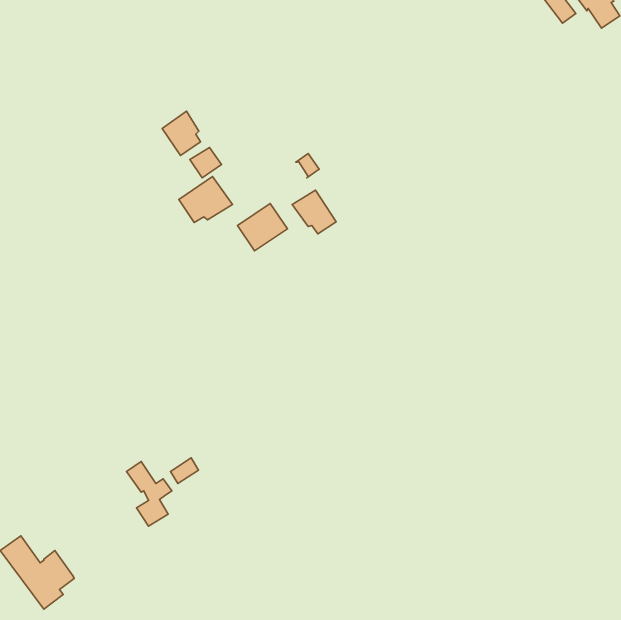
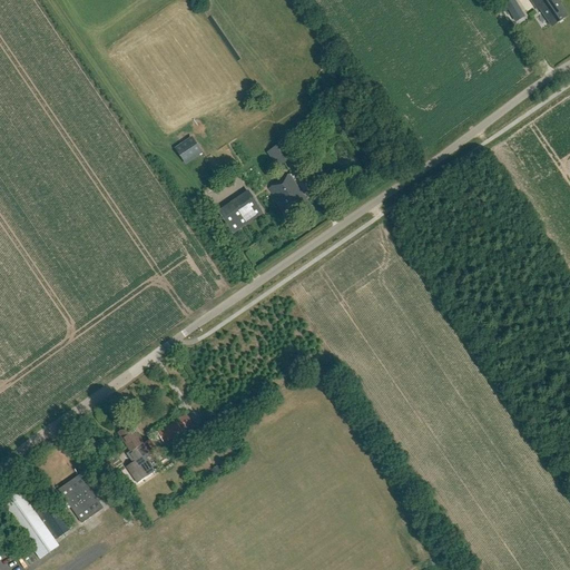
building: [162,111,201,155] -> none
building: [179,176,233,223] -> none
building: none -> [57,473,102,522]

